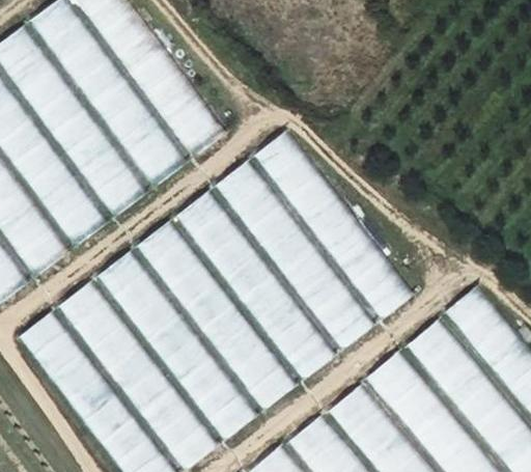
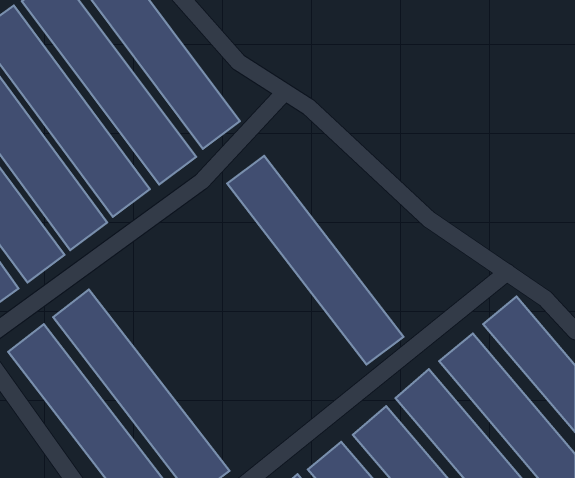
building: [255,132,413,318] -> none
building: [174,191,333,379] -> none
building: [135,222,294,409] -> none
building: [96,251,255,439] -> none

